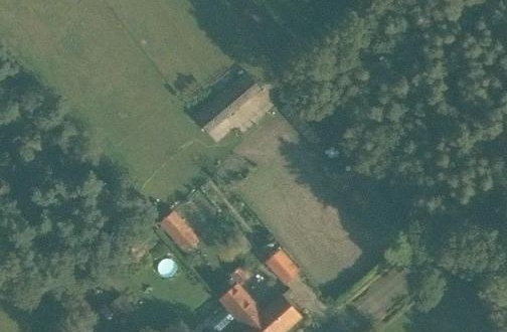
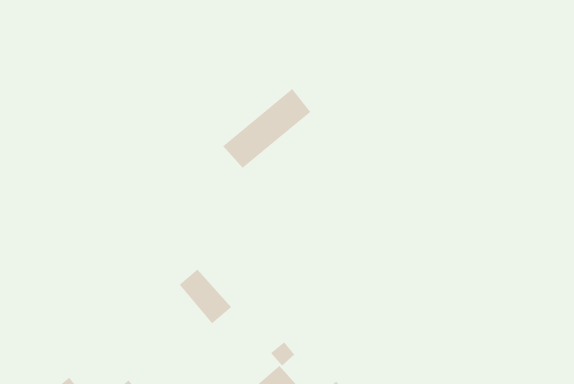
building: [266,248,300,284] -> none

